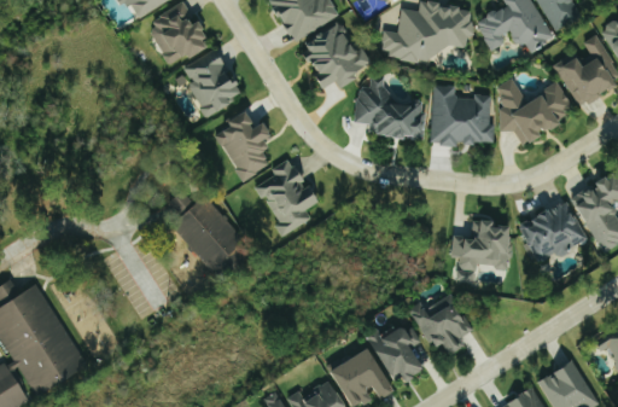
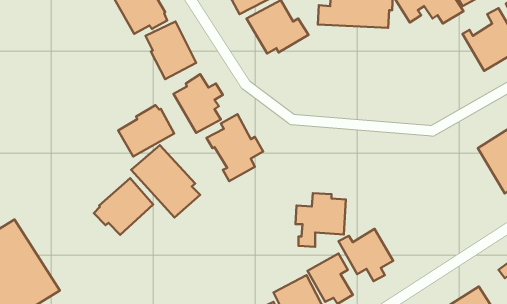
building: [352,76,425,141] -> none
building: [500,77,571,143] -> none
building: [430,85,492,145] -> none
building: none -> [118,105,174,157]
building: [519,202,585,262] -> none
building: [451,220,511,283] -> [295,193,346,247]
building: none -> [94,178,153,235]

